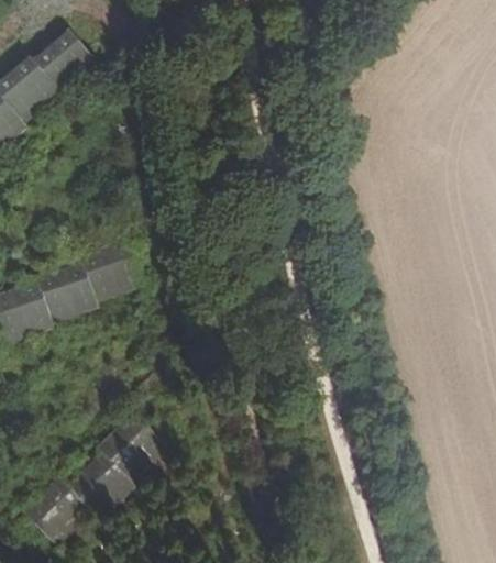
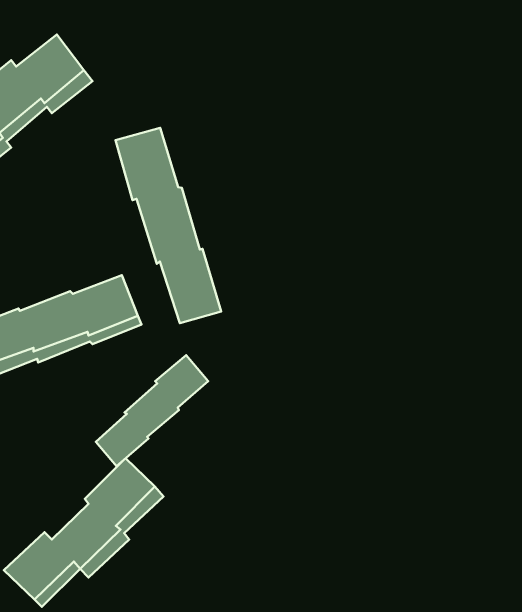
building: none -> [116,128,221,323]
building: none -> [96,355,208,466]

